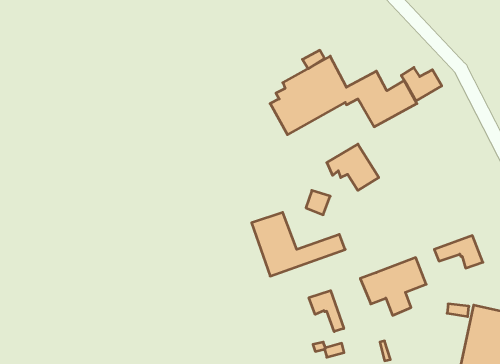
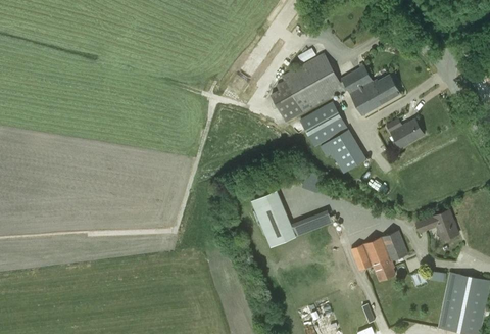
building: [401,67,442,101] -> [386,117,422,147]
building: none -> [299,102,346,146]
building: [309,291,344,332] -> none

